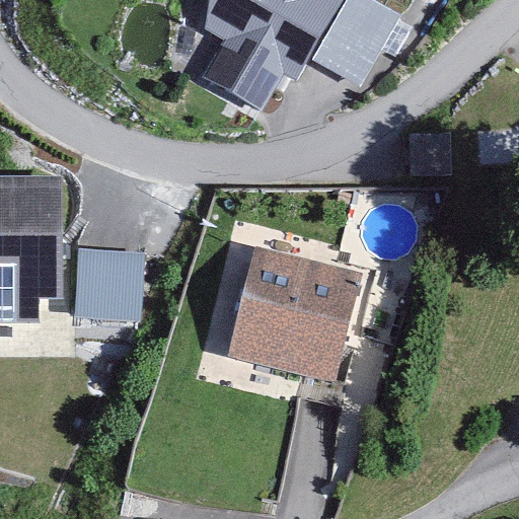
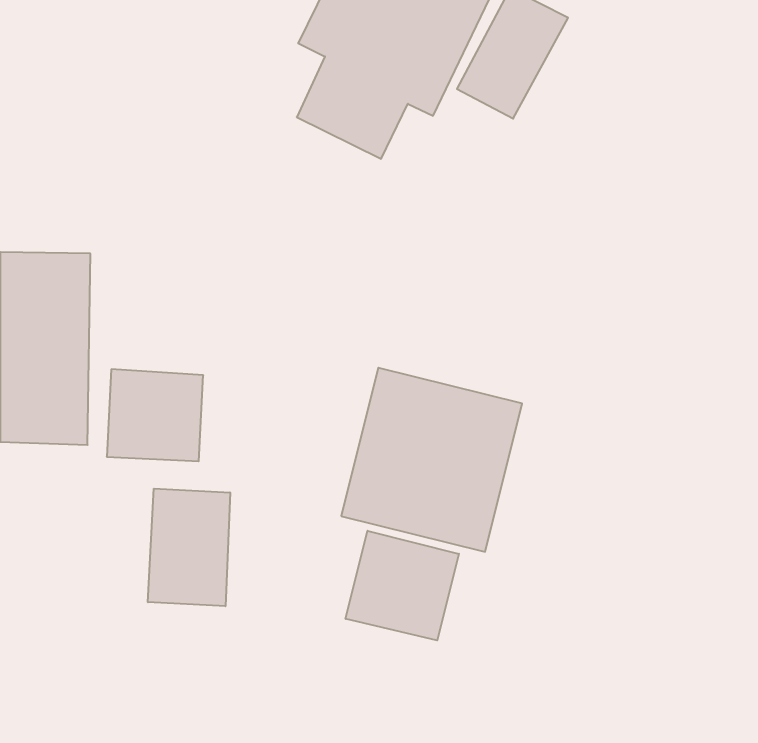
building: none -> [148,489,230,606]
building: none -> [346,531,459,640]

